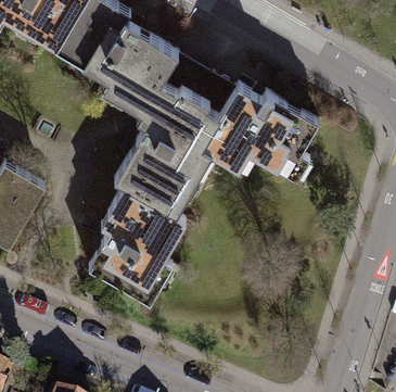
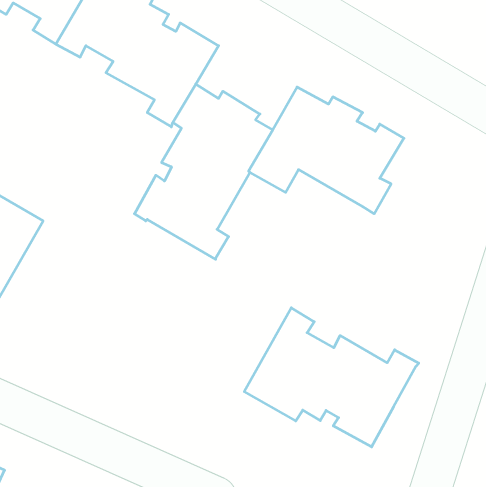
building: [163,52,233,109] -> none
building: [86,184,183,302] -> none
building: none -> [244,308,419,447]

